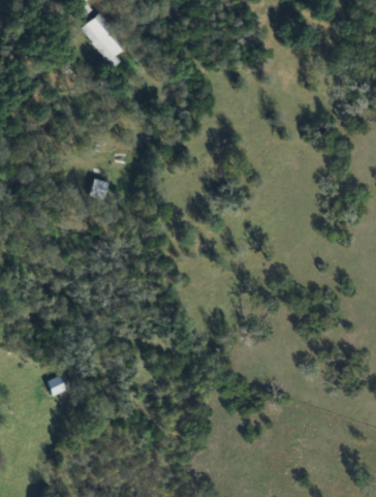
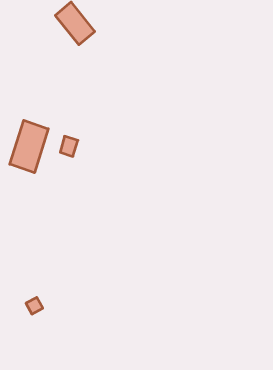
building: none -> [10,120,48,173]

